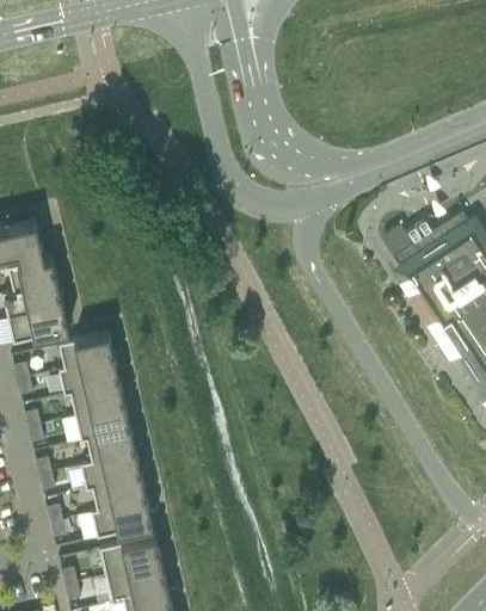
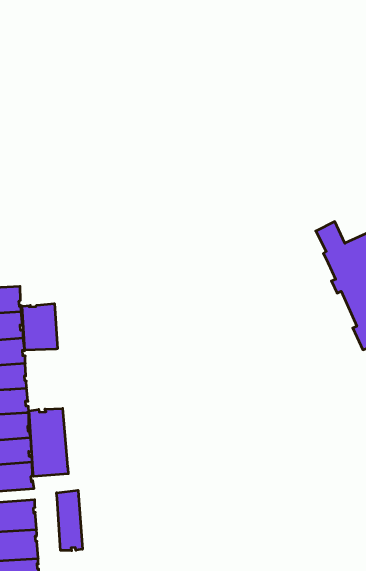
building: none -> [22,304,57,350]
building: none -> [29,408,68,476]
building: none -> [57,490,82,551]

